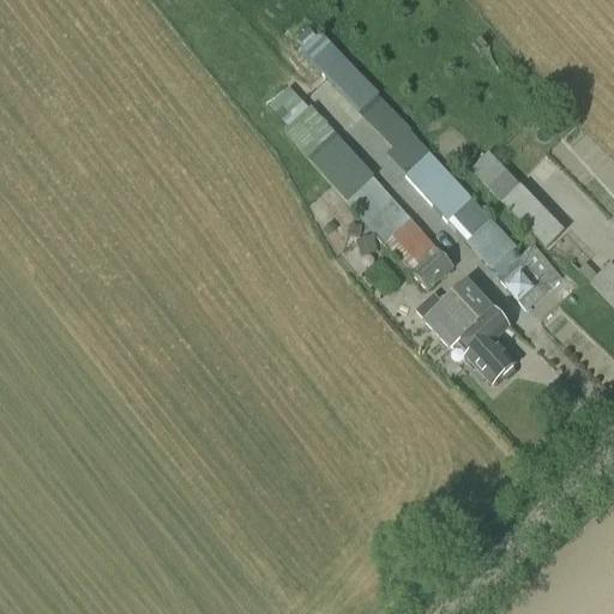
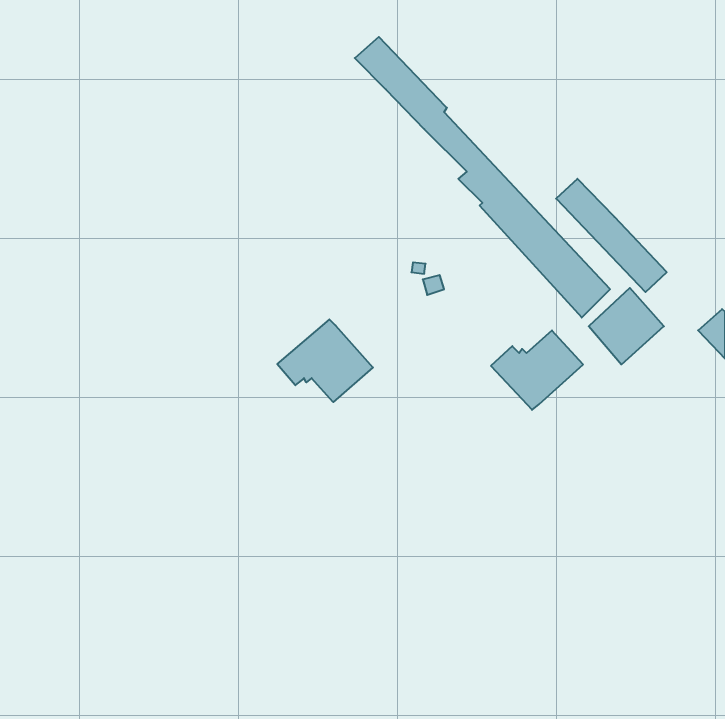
building: [269,84,453,289] -> none
building: none -> [277,319,373,402]
building: [456,308,513,383] -> none

